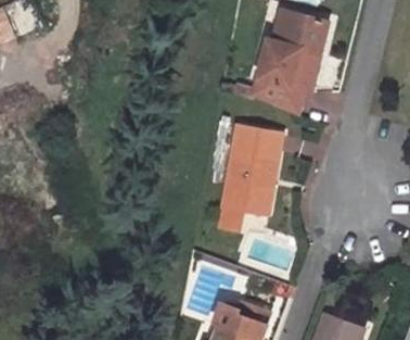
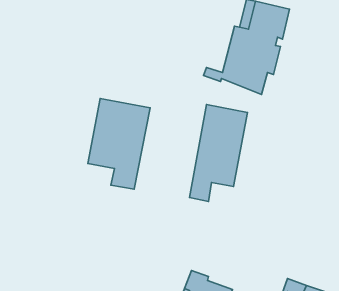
building: none -> [88,98,150,189]

